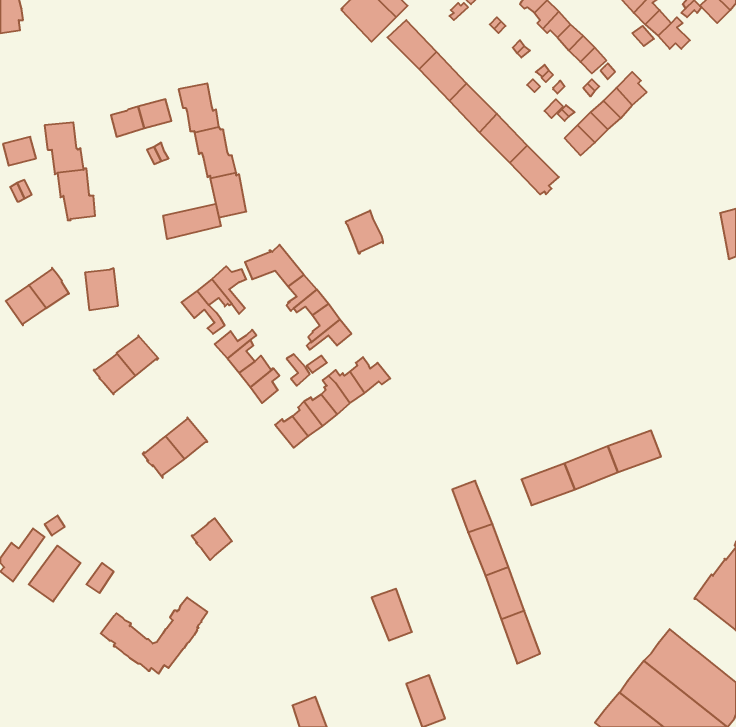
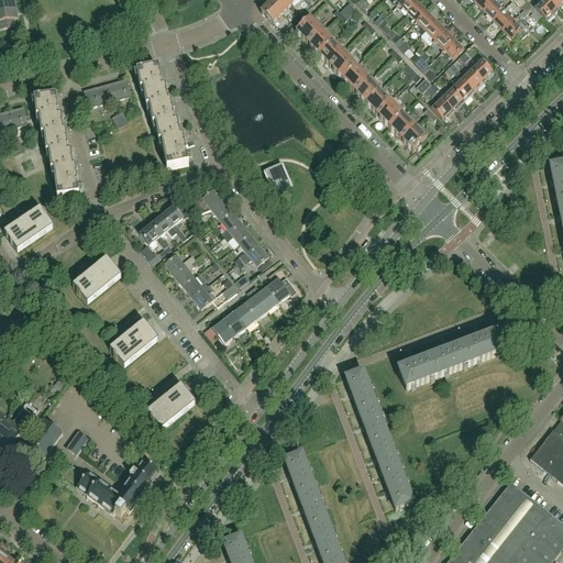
building: [163,204,221,239] -> none
building: [85,268,118,310] -> [54,164,79,196]
building: none -> [164,383,195,413]
building: none -> [297,483,328,522]

